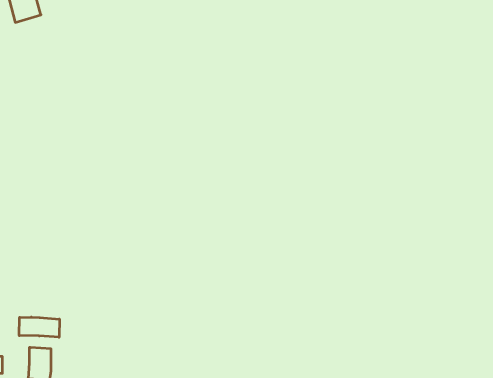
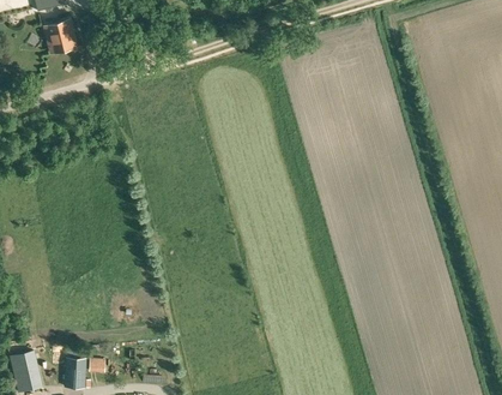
building: [19,317,59,337] -> none

